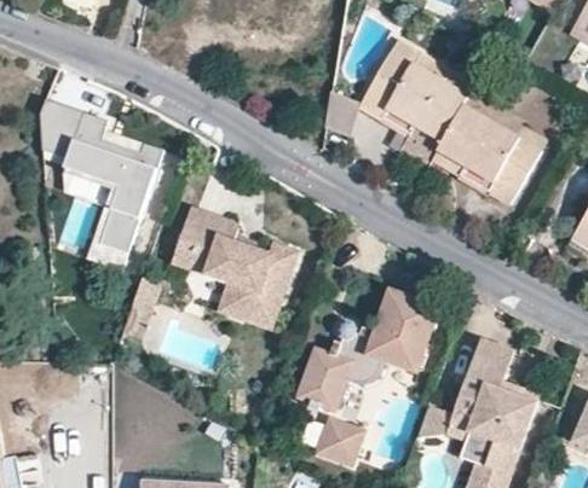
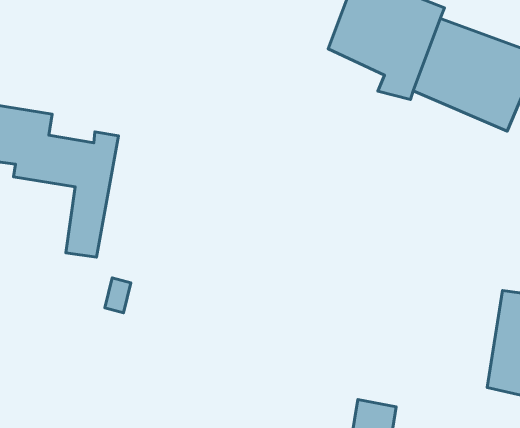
building: [166,207,298,333] -> none
building: [304,289,436,409] -> none

